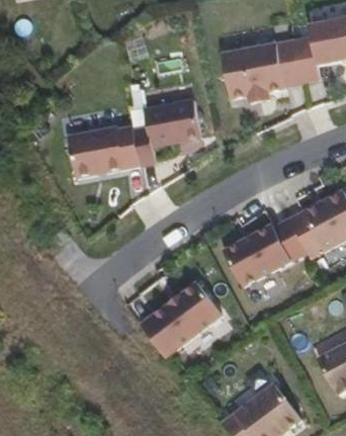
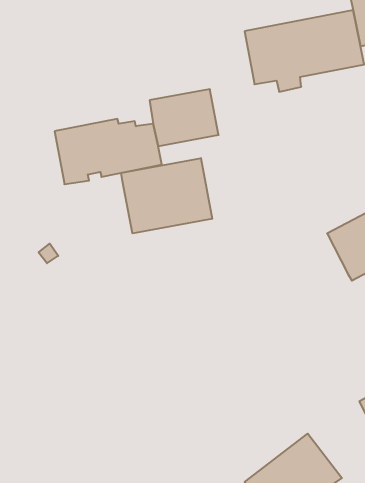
building: none -> [121,158,212,233]
building: [223,219,307,285] -> none
building: [140,282,221,356] -> none

